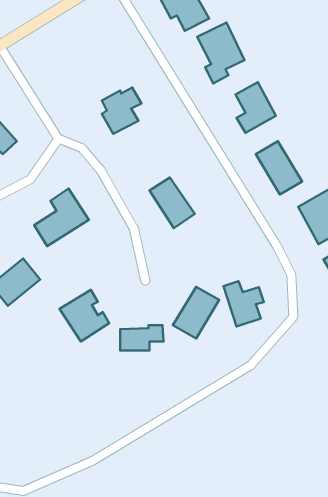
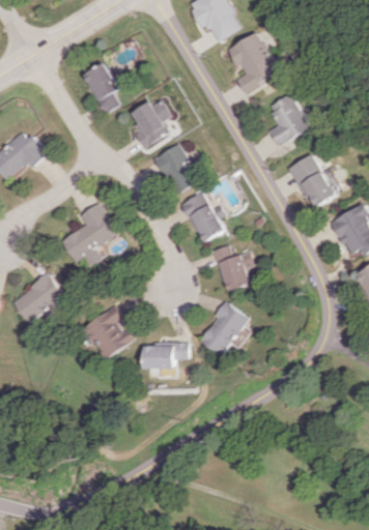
building: none -> [79,62,116,113]
building: none -> [153,143,197,194]
building: [223,281,264,327] -> [212,244,254,291]

